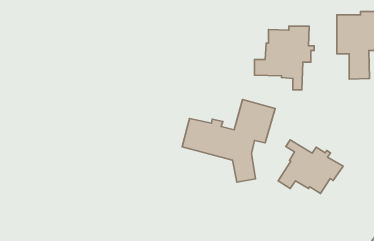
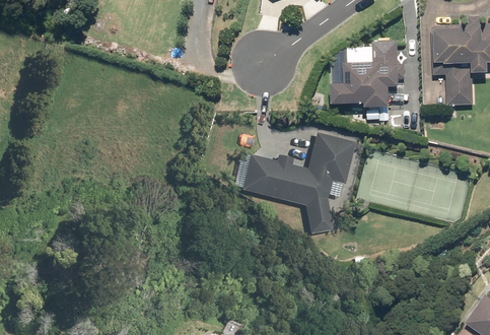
building: [278,140,343,194] -> none

